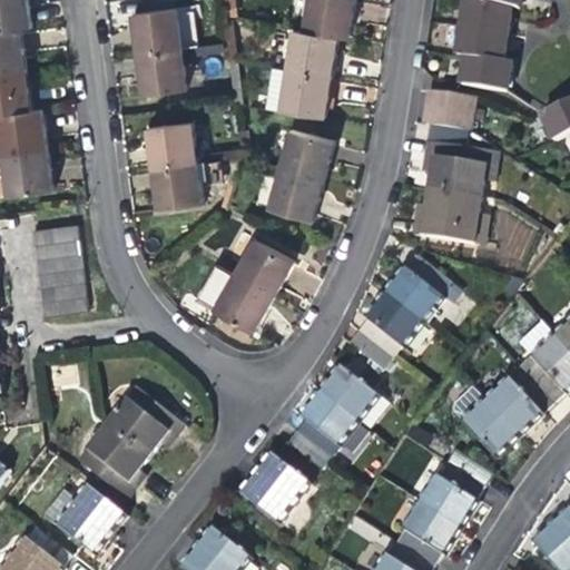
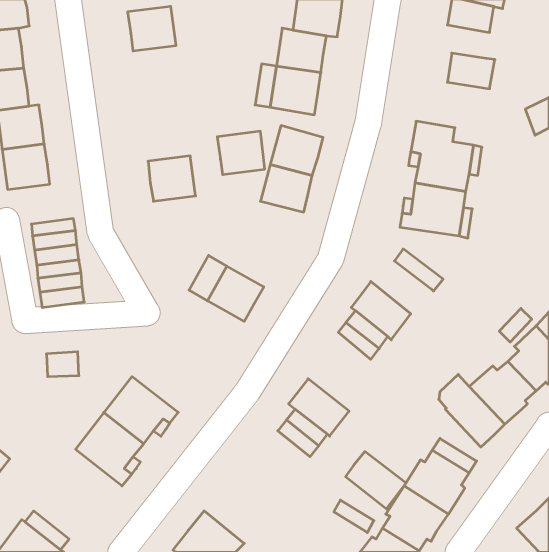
building: [456,26,504,60] -> none
building: [137,47,186,94] -> none
building: [423,90,474,131] -> none
building: [147,121,196,166] -> [217,131,265,175]
building: [234,239,292,295] -> none
building: [382,265,444,323] -> none
building: [317,364,380,423] -> [346,452,406,509]
building: [236,452,309,524] -> none
building: [53,483,127,557] -> none

